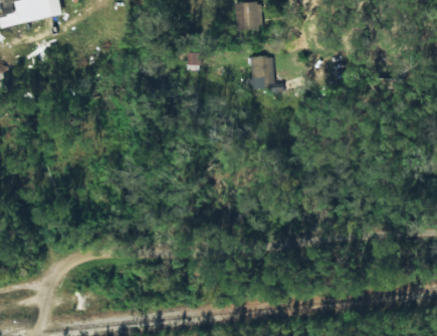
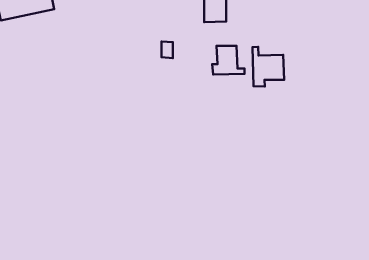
building: none -> [252,47,284,86]

